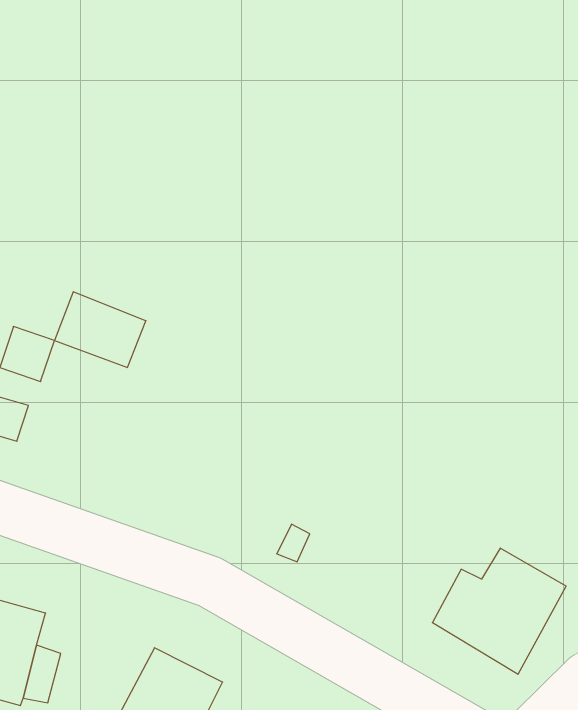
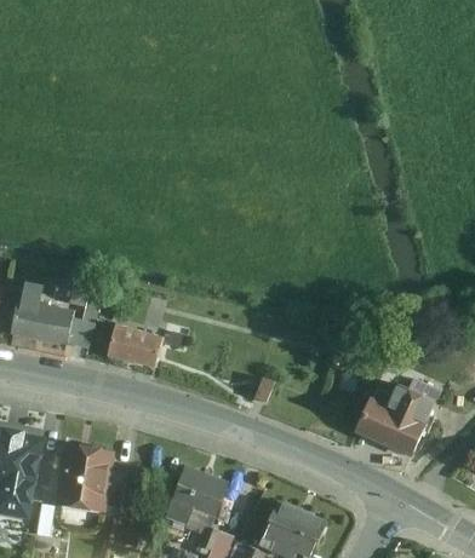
building: [55,292,146,367] -> [104,322,160,366]

